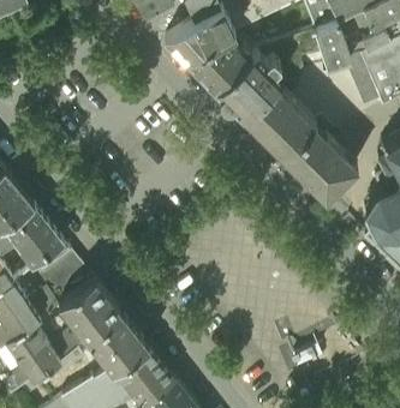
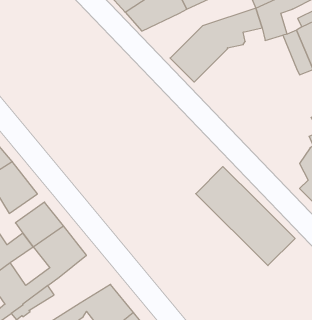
building: [183,37,250,90] -> none
building: [243,85,357,199] -> [196,167,295,266]
building: [88,316,147,371] -> none

